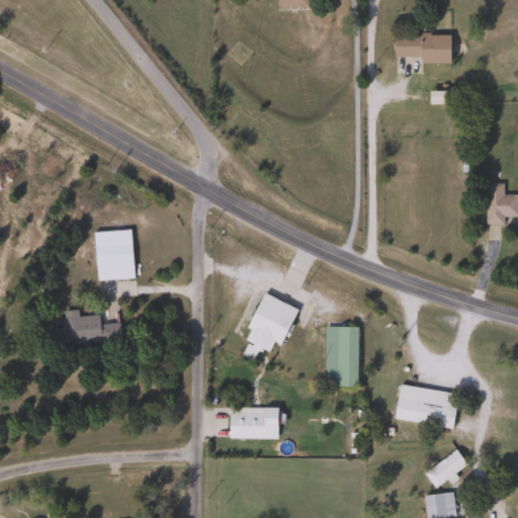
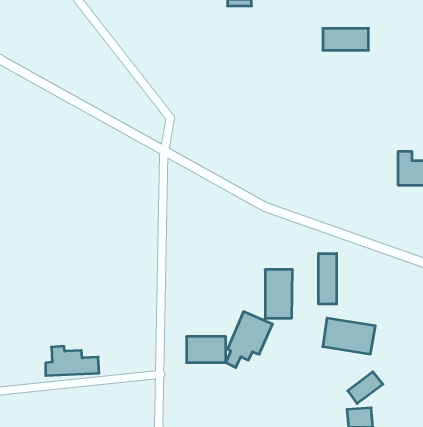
building: [95,230,134,279] -> none
building: [243,293,299,361] -> [226,312,273,368]
building: none -> [319,253,337,304]
building: [57,310,121,345] -> [46,346,99,376]

